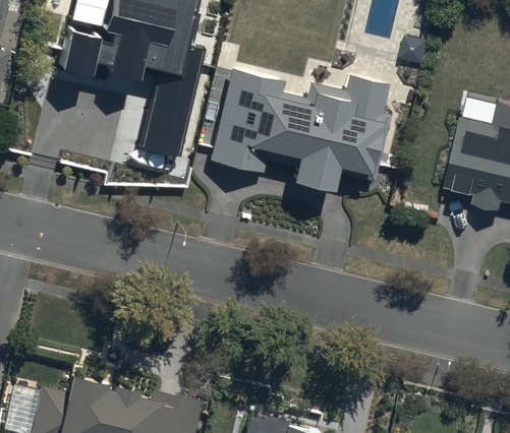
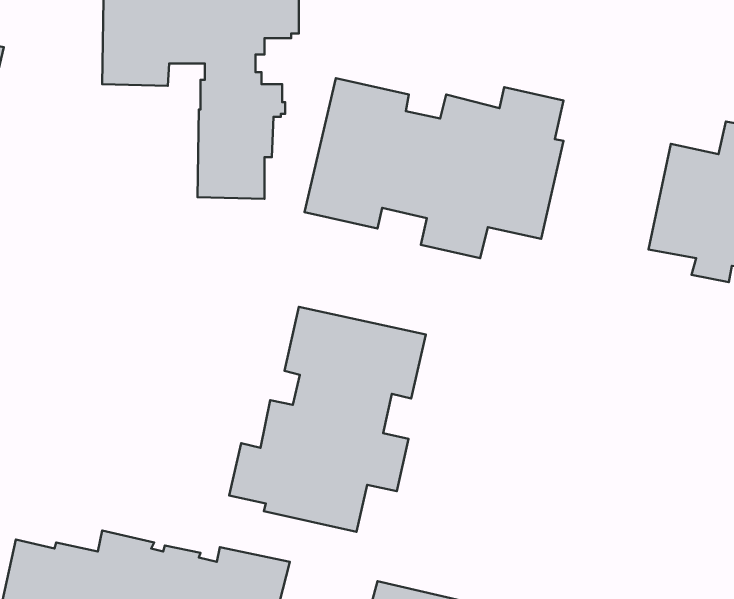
building: none -> [229,307,426,532]

